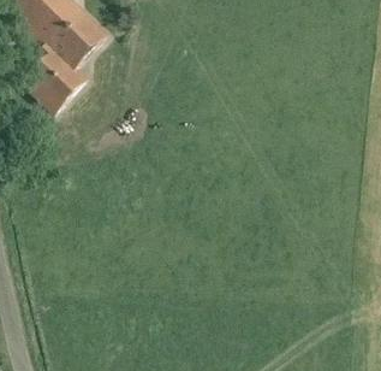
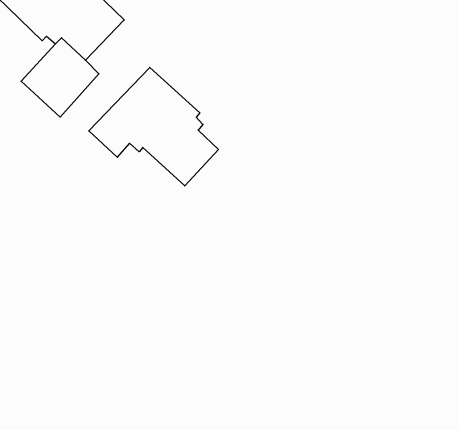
building: none -> [89,67,218,186]

